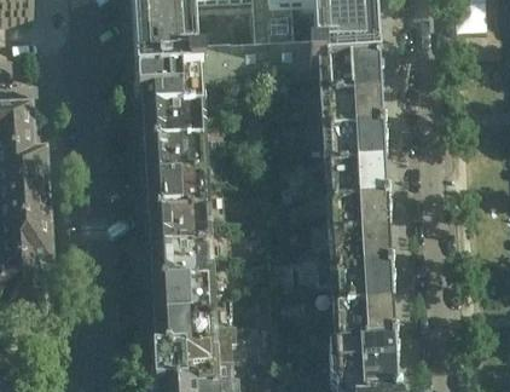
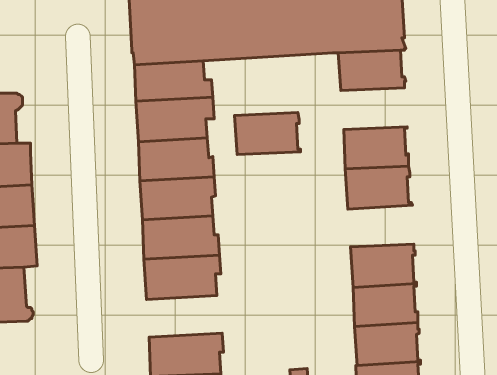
building: [324,94,383,132] -> [235,113,301,154]
building: [330,200,389,237] -> none
building: [150,281,218,318] -> none

